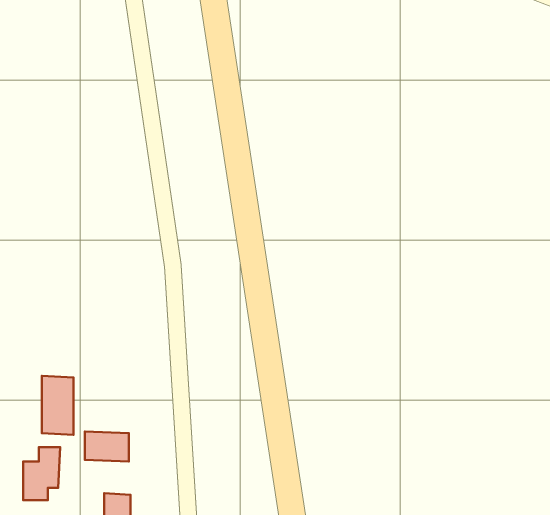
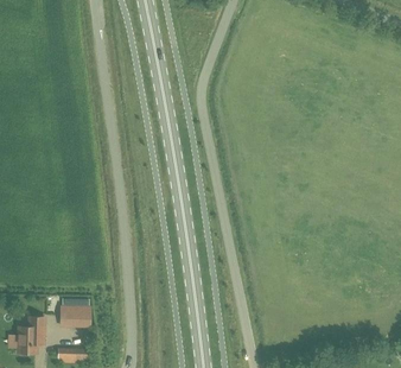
building: [42,376,74,435] -> none

